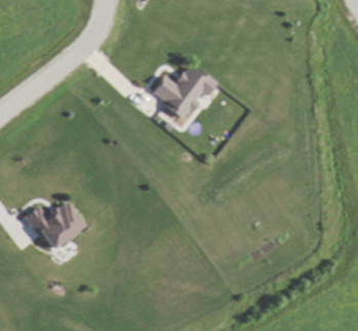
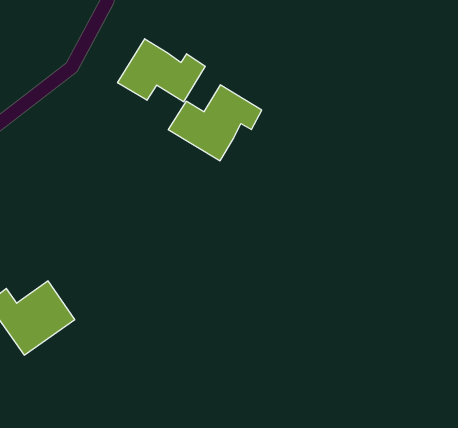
building: none -> [118,39,205,102]

